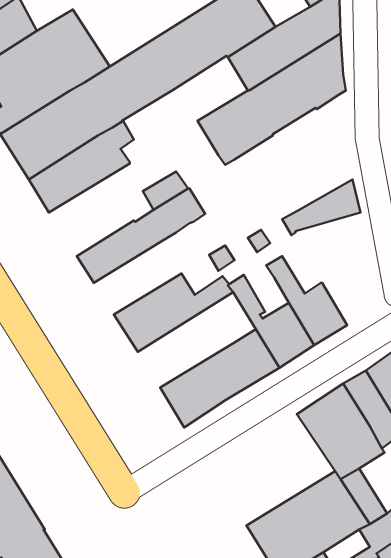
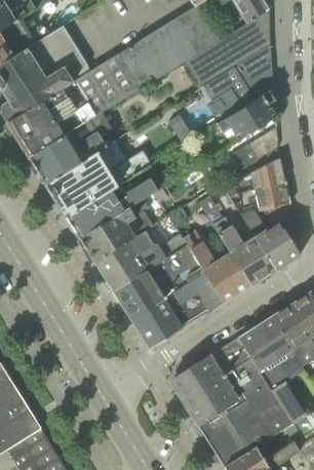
building: none -> [218,91,275,140]
building: none -> [233,126,278,169]
building: none -> [44,141,125,217]
building: none -> [235,183,290,210]
building: none -> [79,198,153,262]
building: none -> [240,210,300,270]
building: none -> [113,244,204,318]
building: none -> [172,339,266,425]

